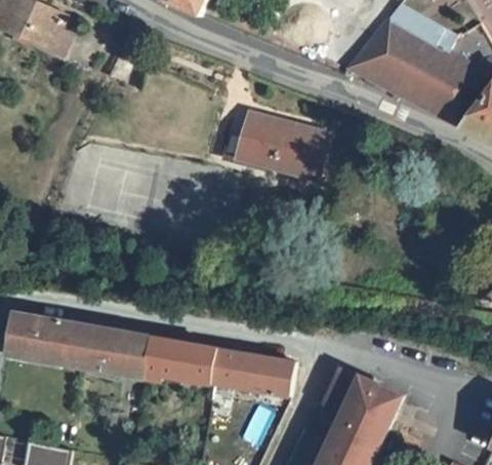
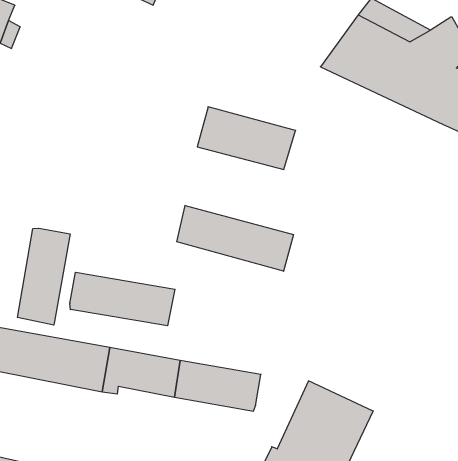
building: none -> [177,205,293,271]
building: none -> [17,228,70,325]
building: none -> [70,272,175,326]

